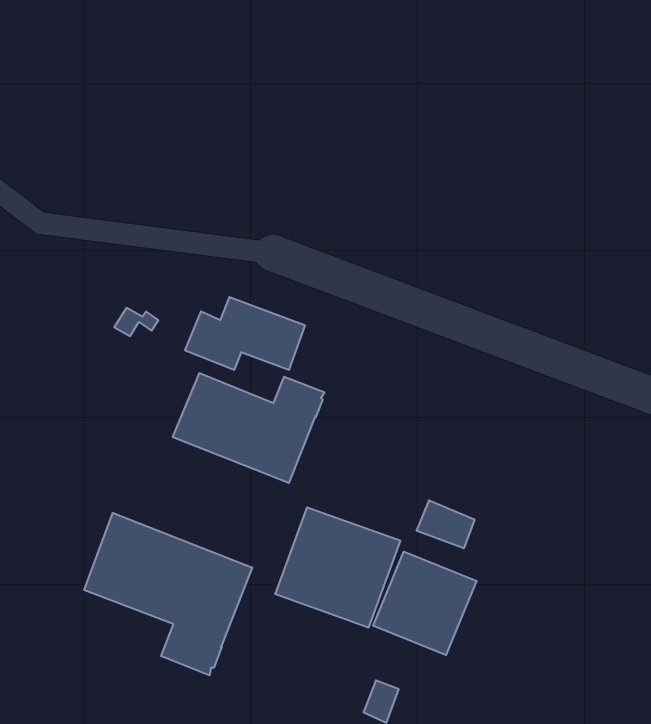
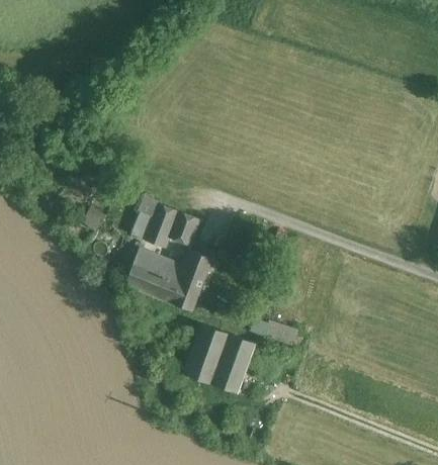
building: [84,513,252,675] -> none
building: [373,552,477,655] -> none

